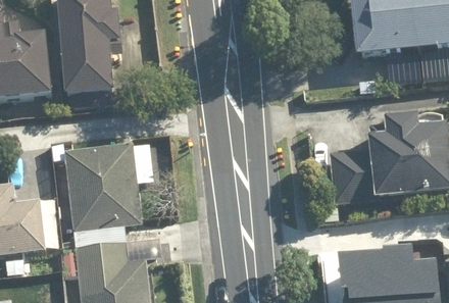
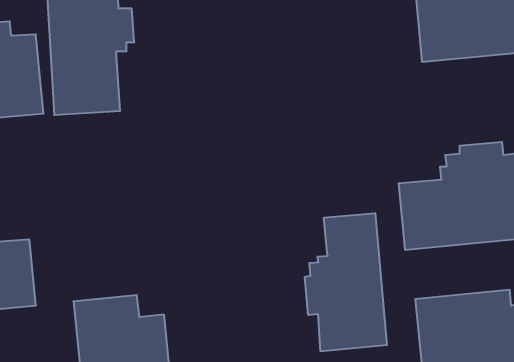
building: [64,142,143,247] -> none
building: none -> [305,213,387,351]

